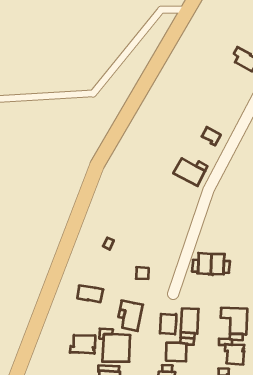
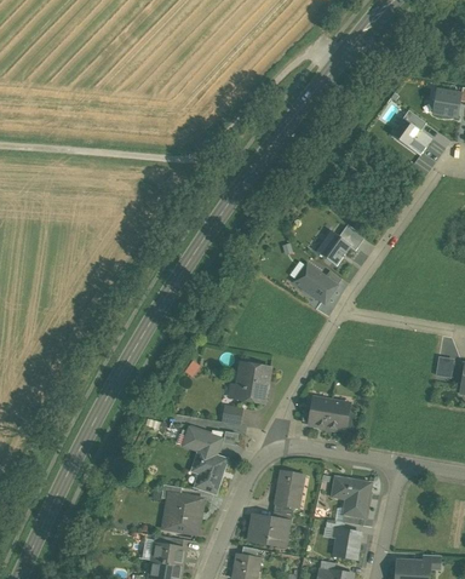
building: none -> [316,230,352,266]
building: none -> [237,363,271,402]
building: [77,286,103,302] -> [184,429,222,455]
building: [160,314,176,334] -> none
building: [70,335,95,354] -> none

